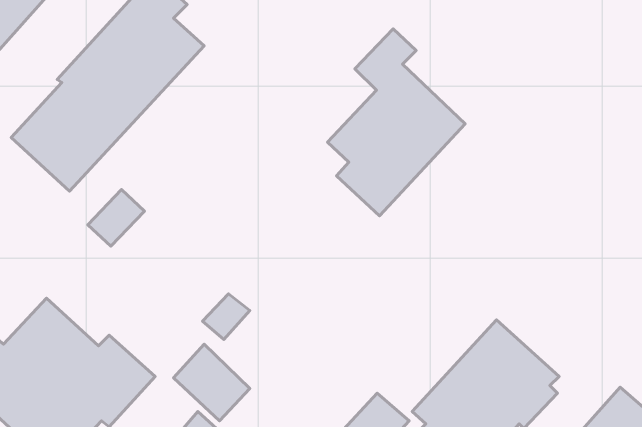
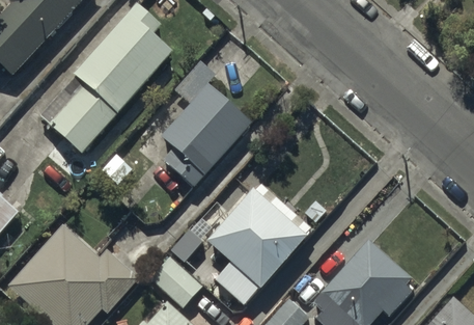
building: [327,29,465,216] -> [157,60,250,187]
building: none -> [208,183,311,305]

